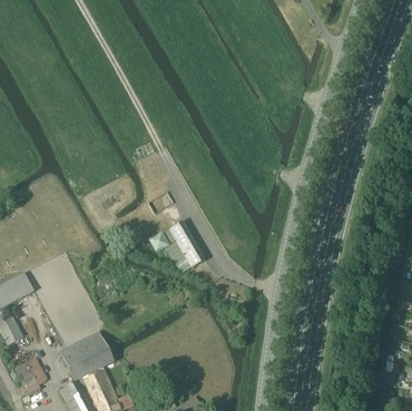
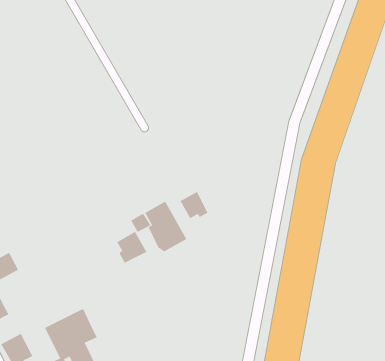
building: none -> [180,191,208,219]
building: none -> [116,231,147,263]

